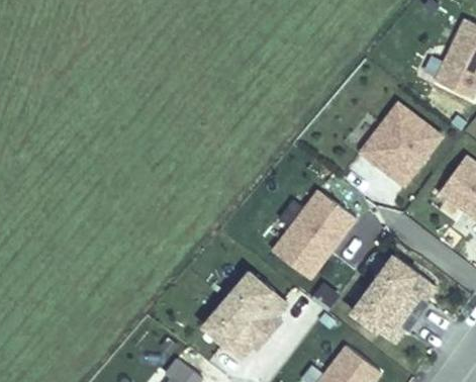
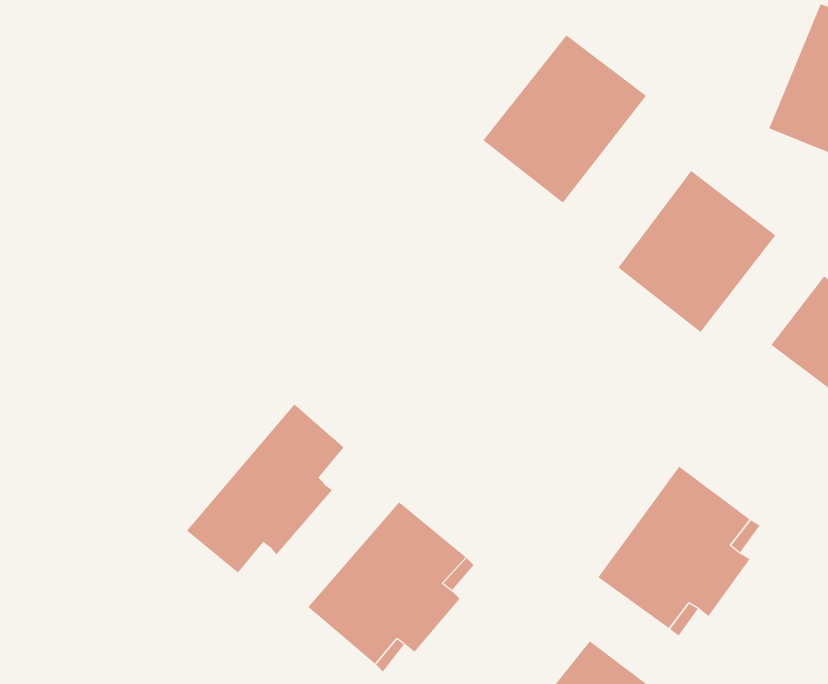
building: none -> [483,34,647,203]
building: [272,190,355,279] -> none
building: none -> [186,404,345,573]

